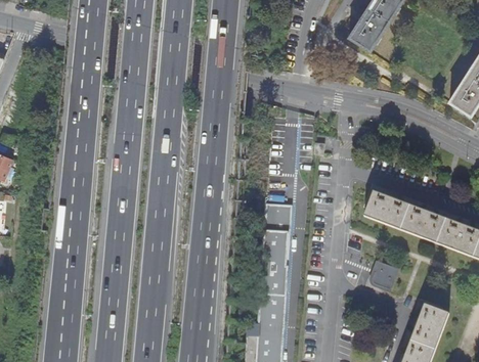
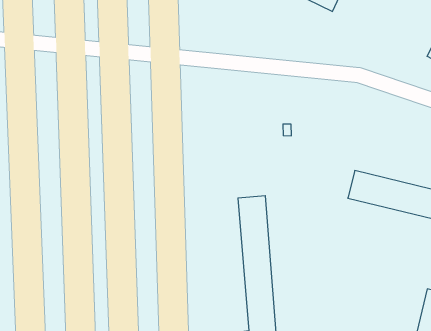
building: [373,261,397,288] -> none

